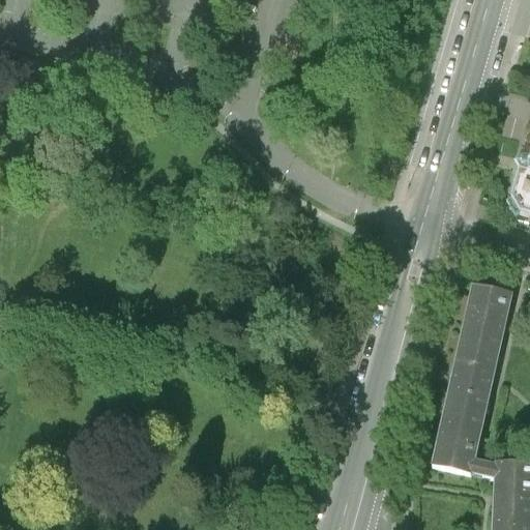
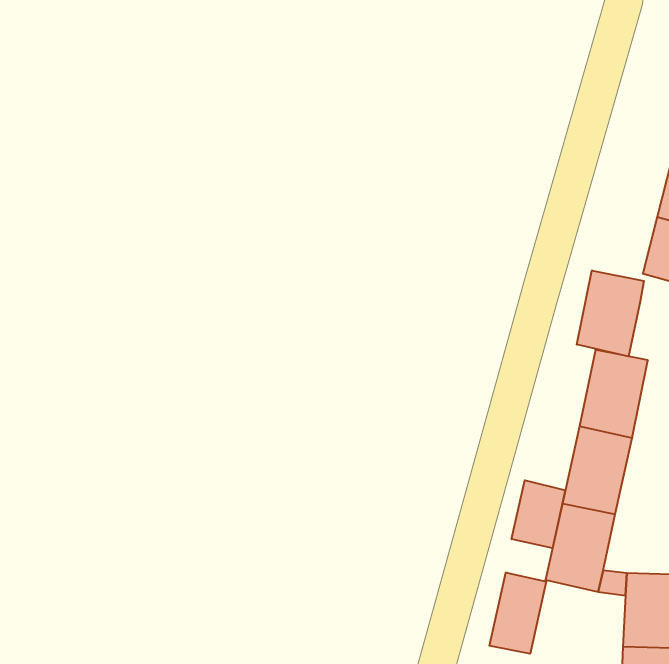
building: none -> [577,270,644,356]
building: none -> [512,480,565,548]
building: none -> [489,572,546,654]

